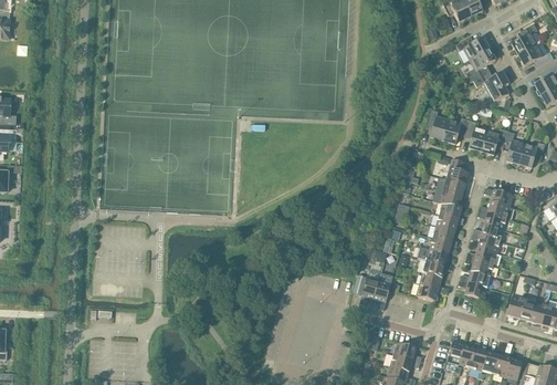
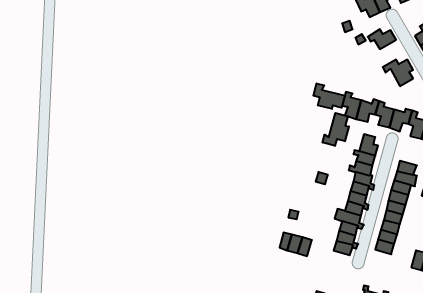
building: [464,48,495,82] -> none
building: none -> [313,83,345,109]
building: none -> [323,113,349,146]

